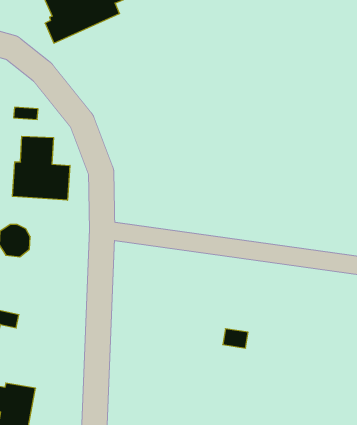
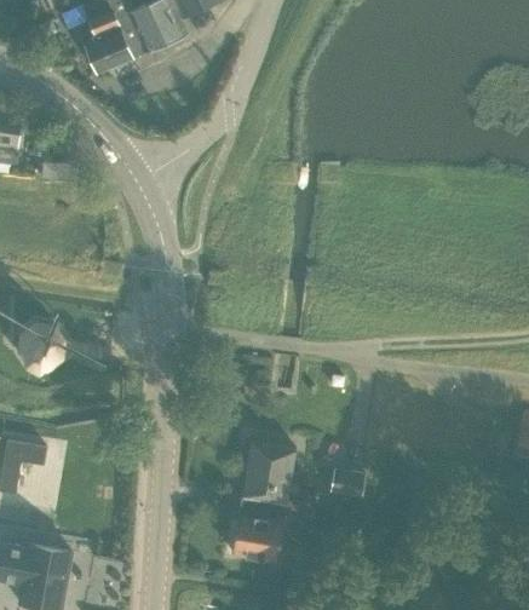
building: [12,136,70,200] -> none
building: none -> [231,441,295,560]

